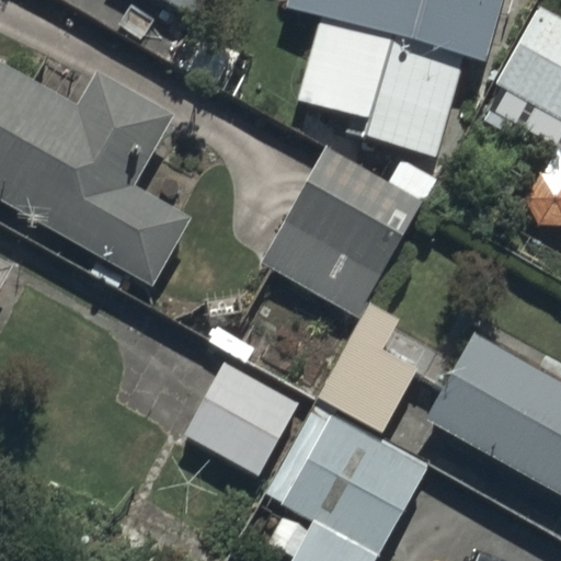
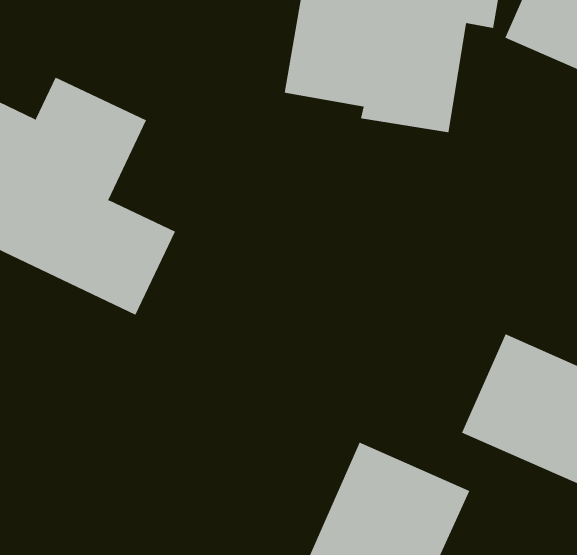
building: [260,146,436,313] -> none
building: [316,308,417,439] -> none
building: [182,355,296,467] -> none

